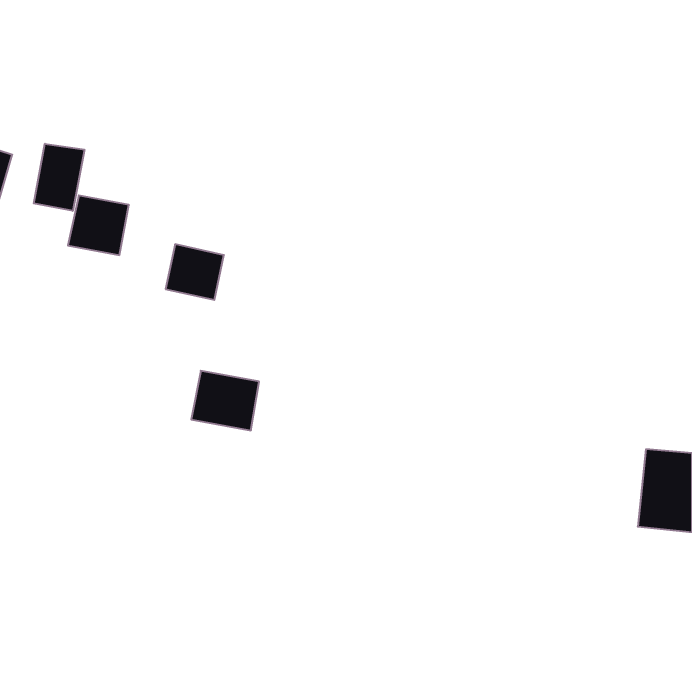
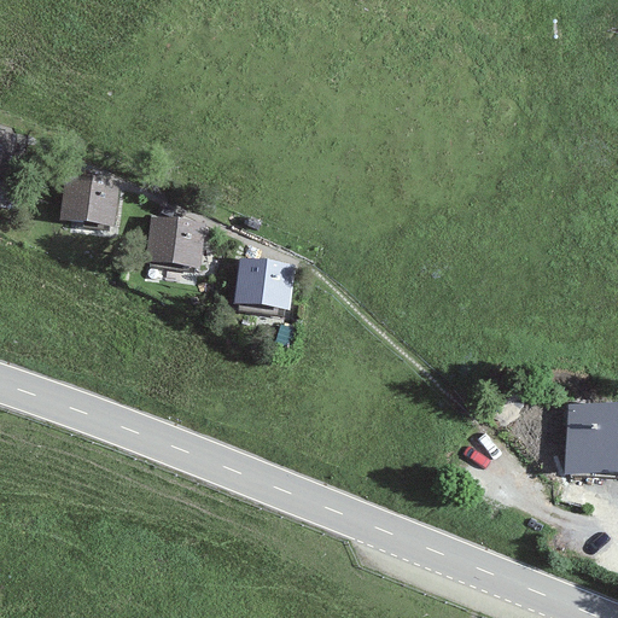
building: [34,144,84,211] -> none
building: [191,371,259,430] -> [234,257,295,310]

